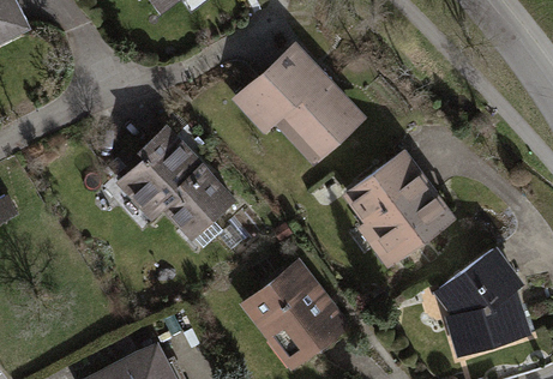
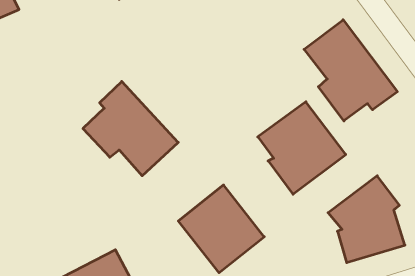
building: [233,41,367,166] -> none
building: none -> [304,20,397,121]

